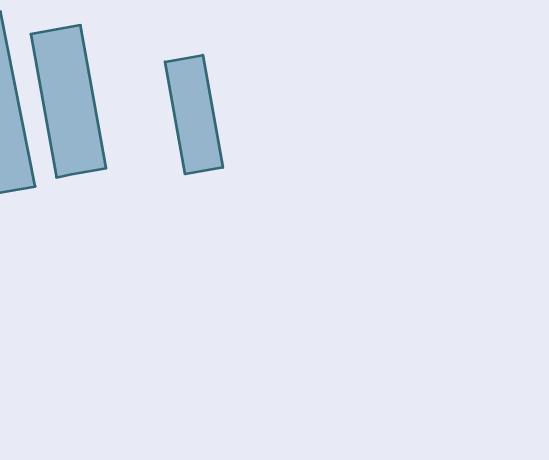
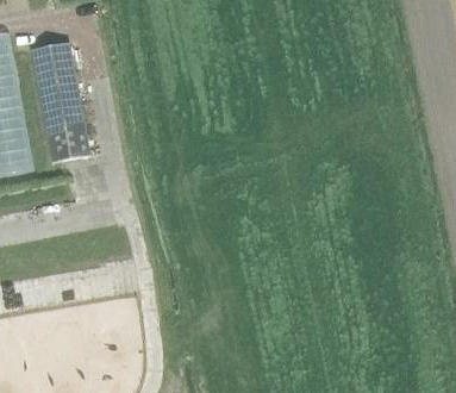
building: [165,55,223,174] -> none

